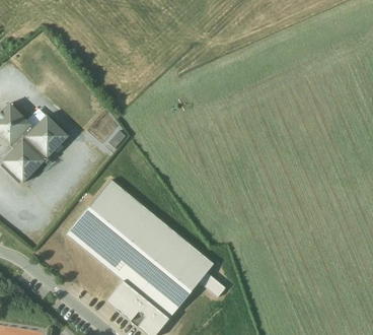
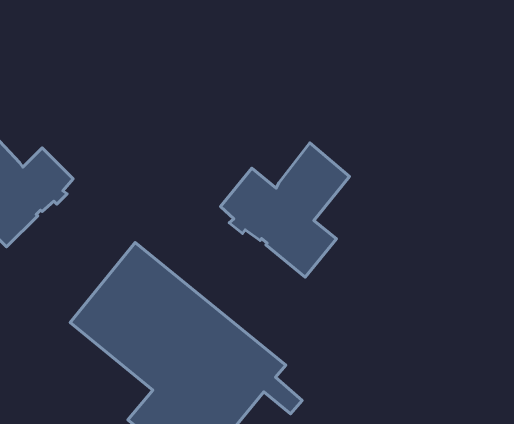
building: none -> [220,143,350,277]

